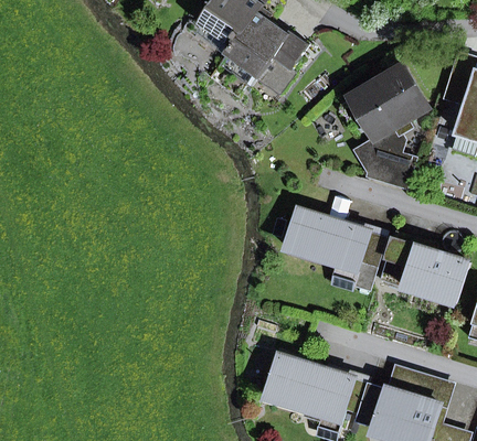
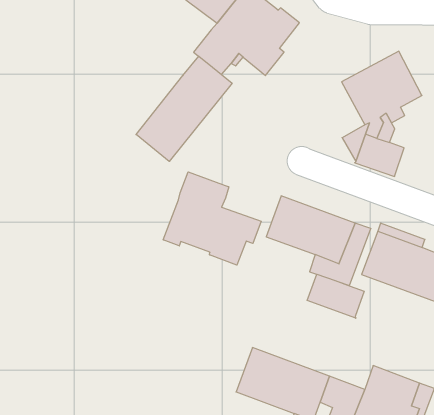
building: none -> [136,56,232,161]
building: none -> [163,172,261,265]
building: none -> [307,274,364,318]

